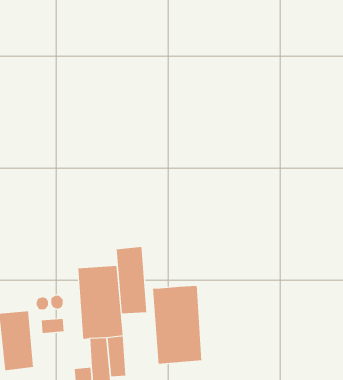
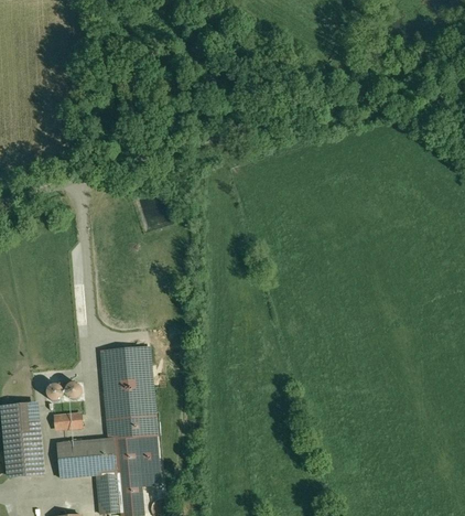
building: [116,246,147,314] -> none
building: [152,285,202,364] -> none
building: none -> [57,437,117,477]

